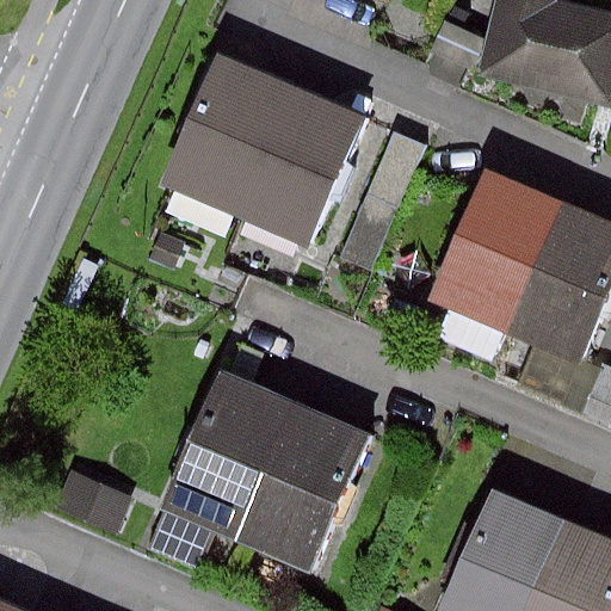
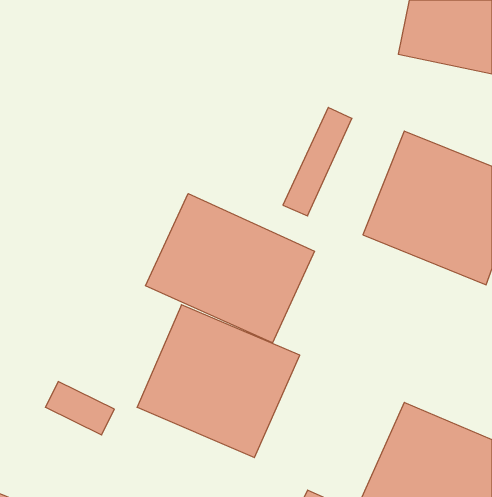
building: [167,57,358,246] -> none
building: none -> [145,194,315,343]

